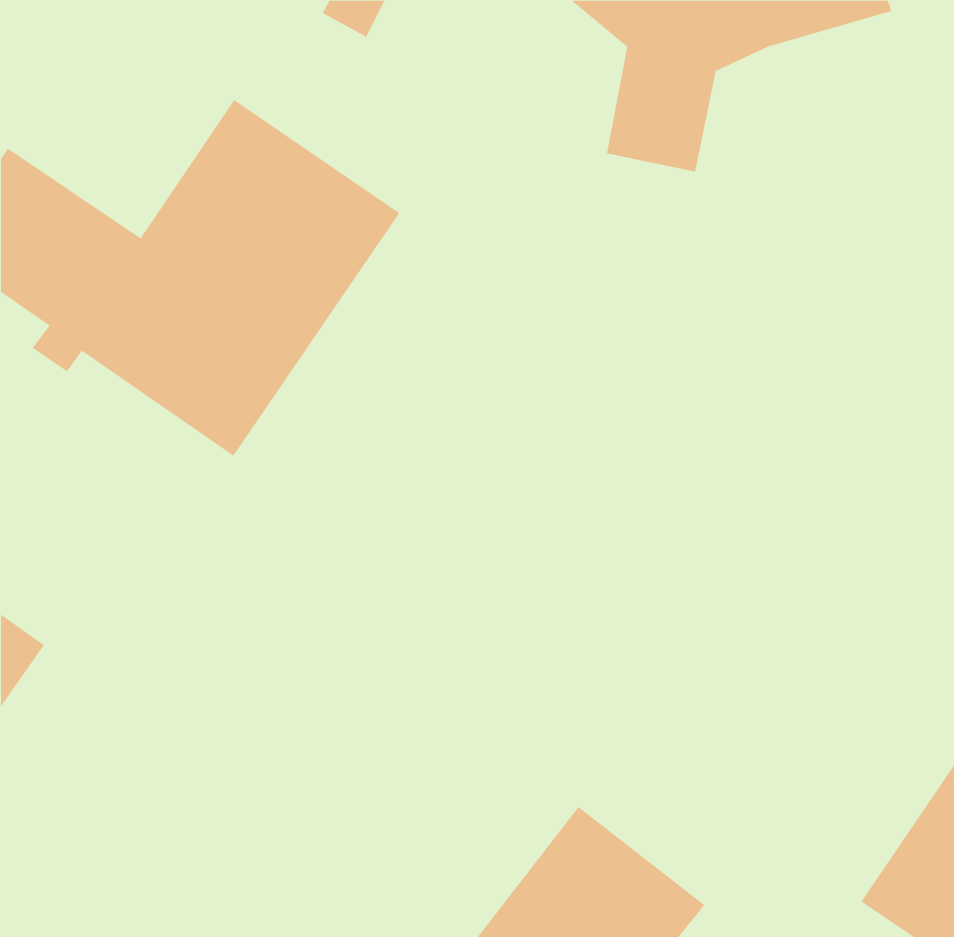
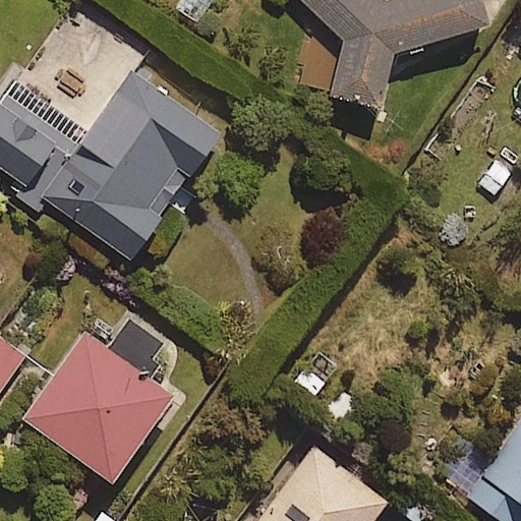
building: none -> [26,324,170,480]

